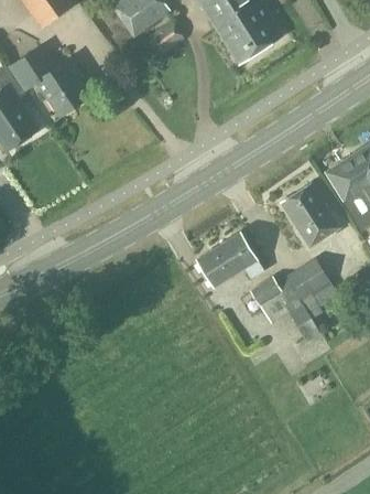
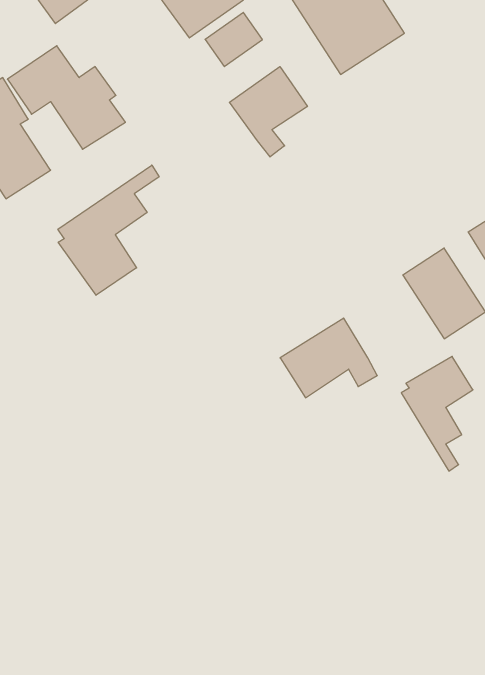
building: none -> [229,67,307,157]
building: none -> [58,165,159,295]
building: [250,276,313,341] -> none

